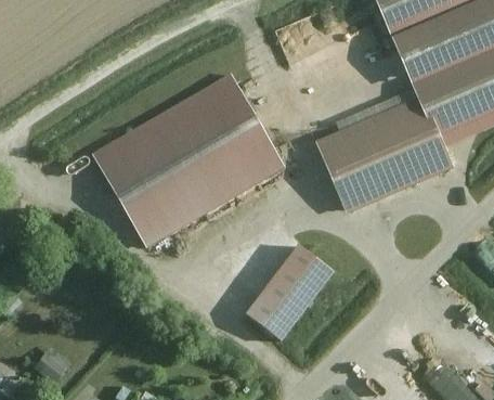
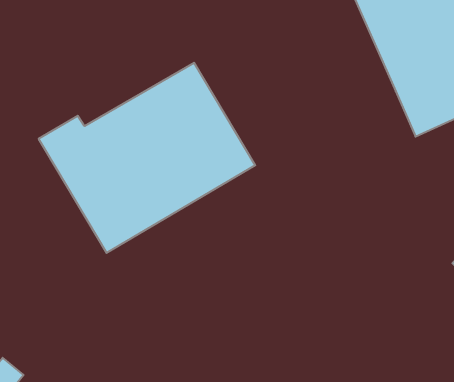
building: [316,96,452,215] -> none
building: [248,244,337,341] -> none

